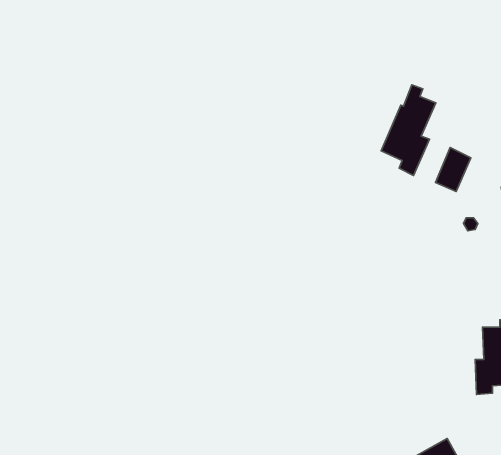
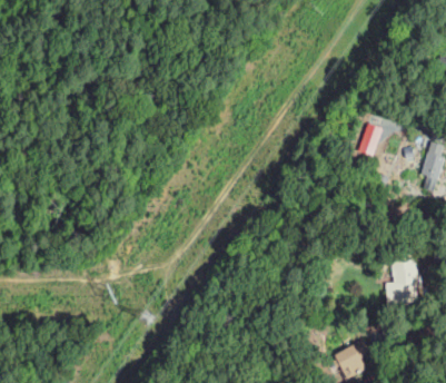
building: [381,85,436,176] -> none

